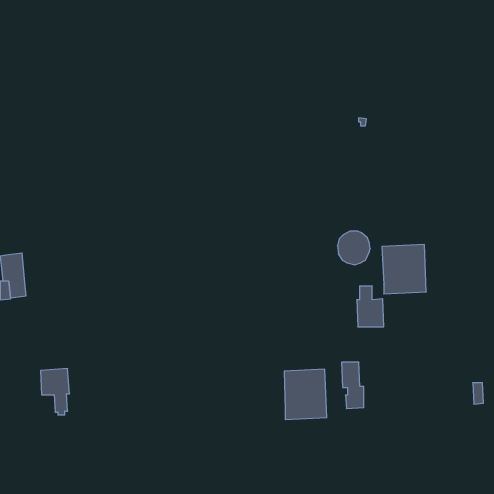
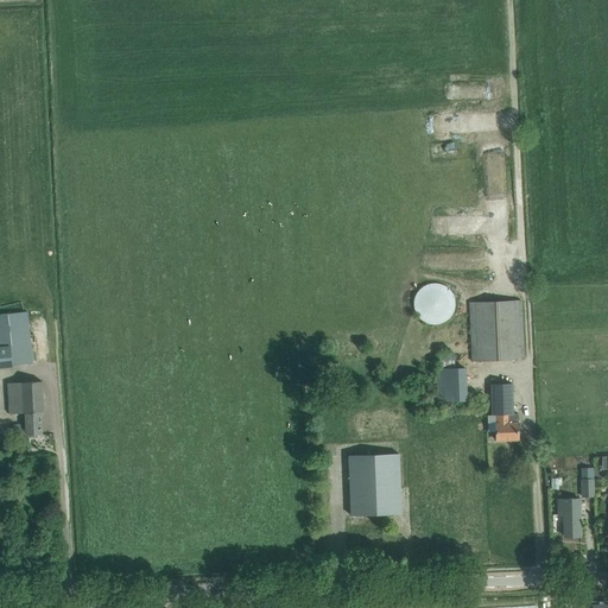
building: [342,362,364,409] -> [490,384,518,441]
building: [41,369,70,415] -> [8,381,44,438]
building: none -> [558,499,581,537]

